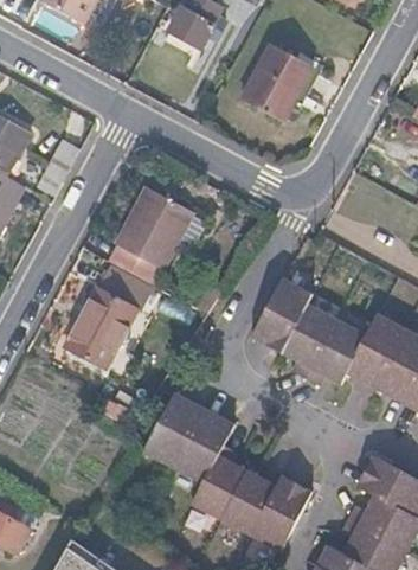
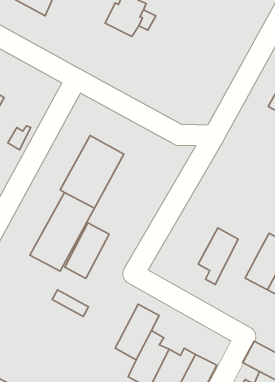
building: [242,49,309,122] -> none
building: [261,281,322,357] -> none
building: [313,324,372,390] -> none
building: [150,395,210,469] -> [65,223,109,279]

